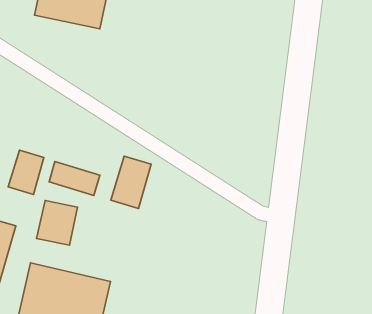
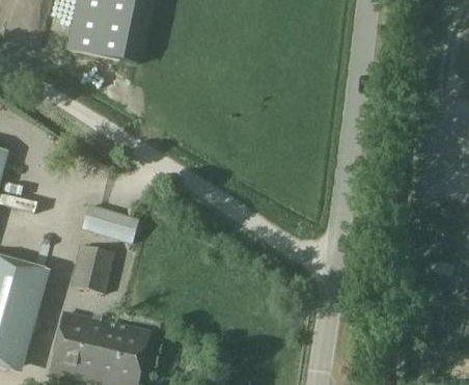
building: [8,150,44,194] -> none
building: [111,156,151,209] -> none

